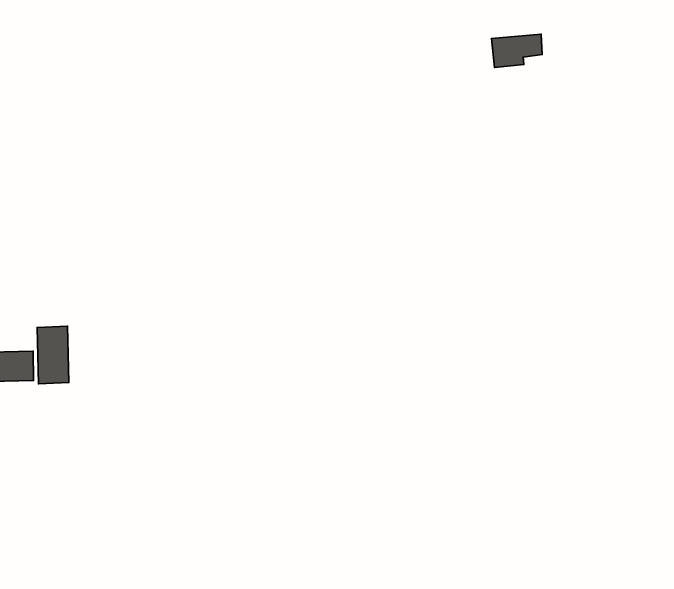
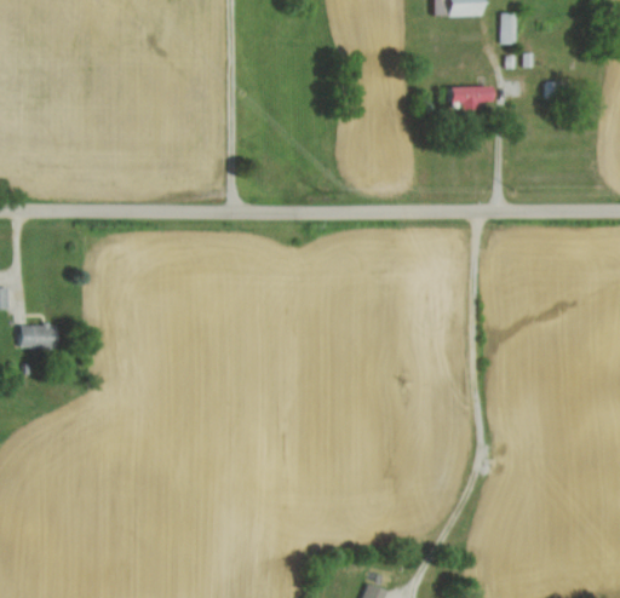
building: [37,326,69,384] -> none

